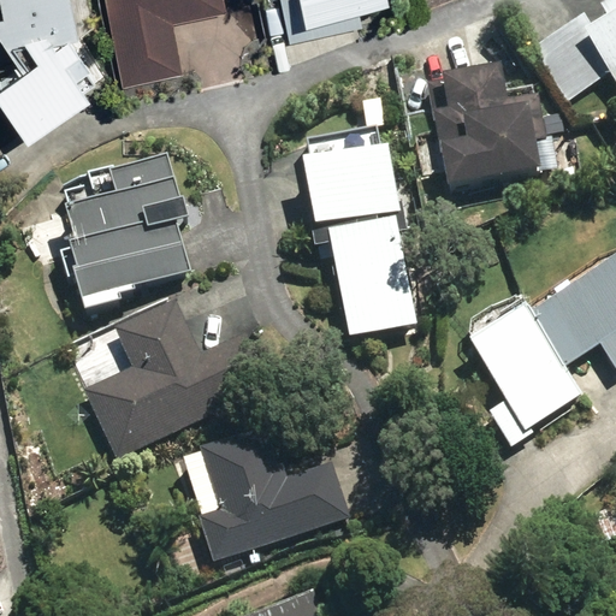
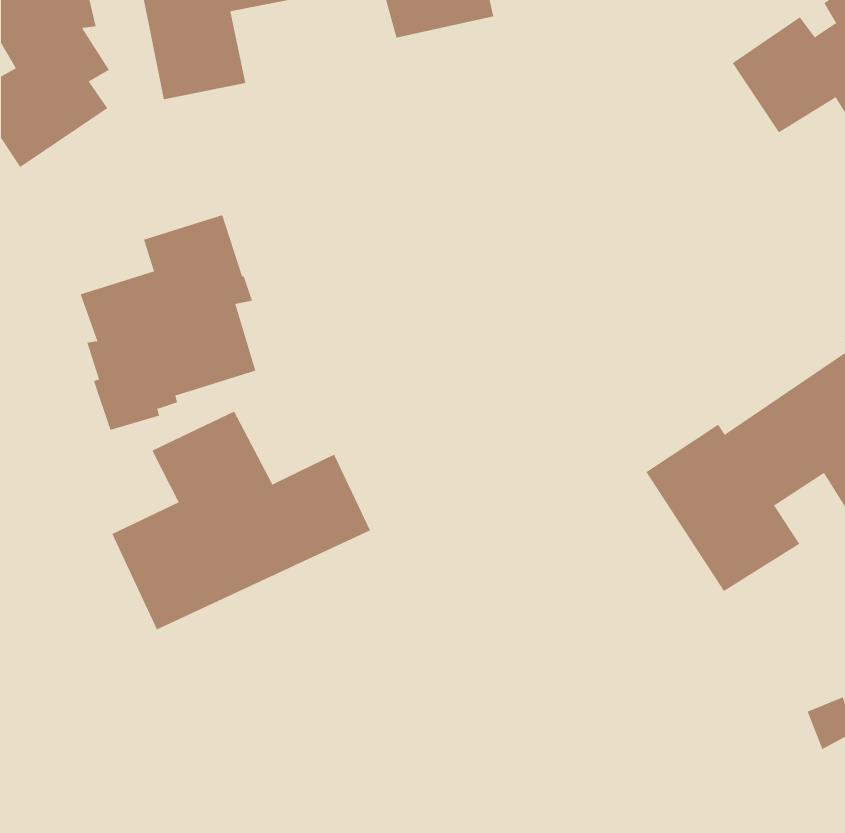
building: [427,66,552,190] -> none
building: [298,126,415,338] -> none
building: [199,430,350,559] -> none

